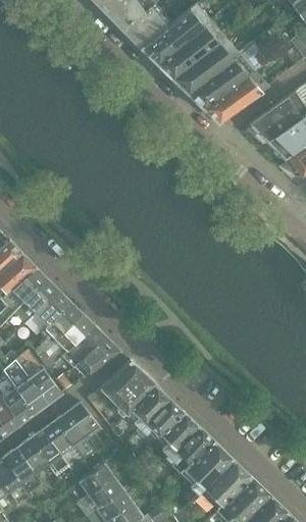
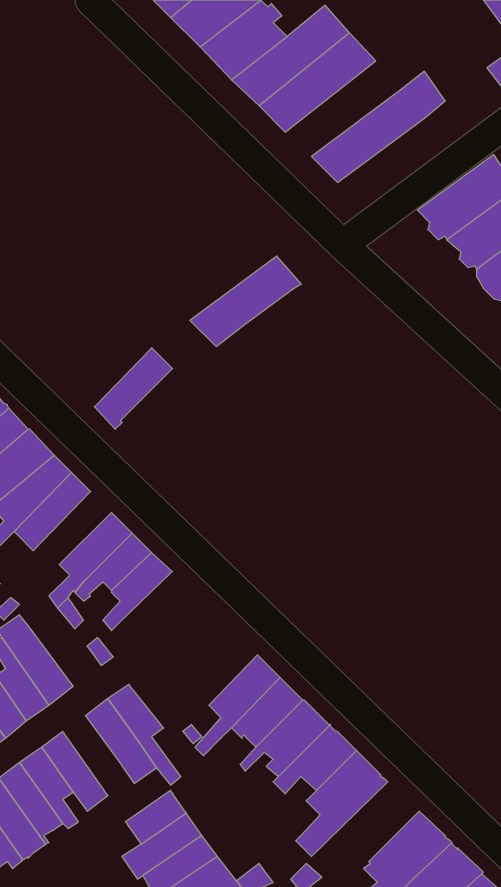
building: [171,36,239,92] -> none
building: [202,69,267,122] -> [190,256,301,346]
building: [23,289,69,336] -> [94,348,173,429]
building: [73,335,119,376] -> none
building: [20,349,61,403] -> none
building: [86,360,155,414] -> none
building: [41,420,78,471] -> none
building: [187,459,250,513] -> none

